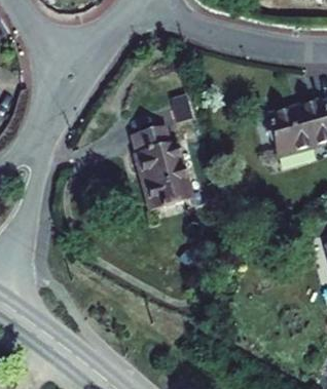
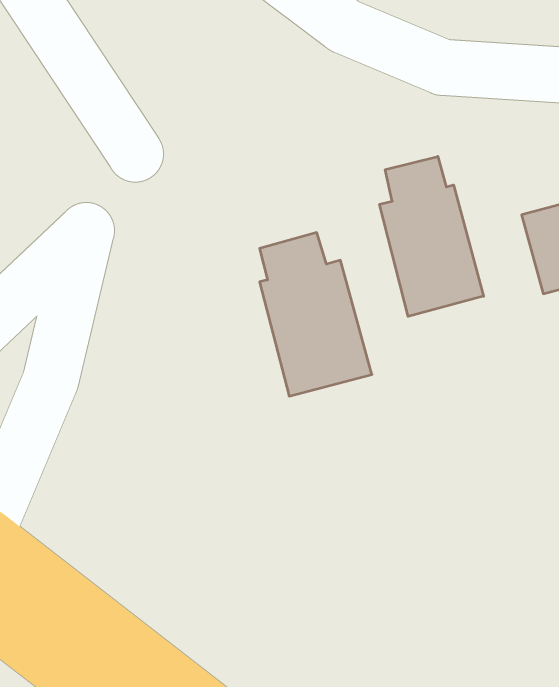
building: none -> [380,156,484,316]

